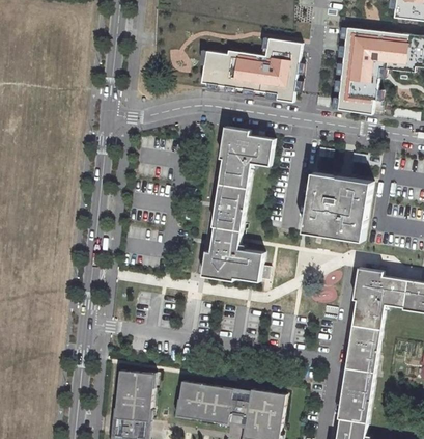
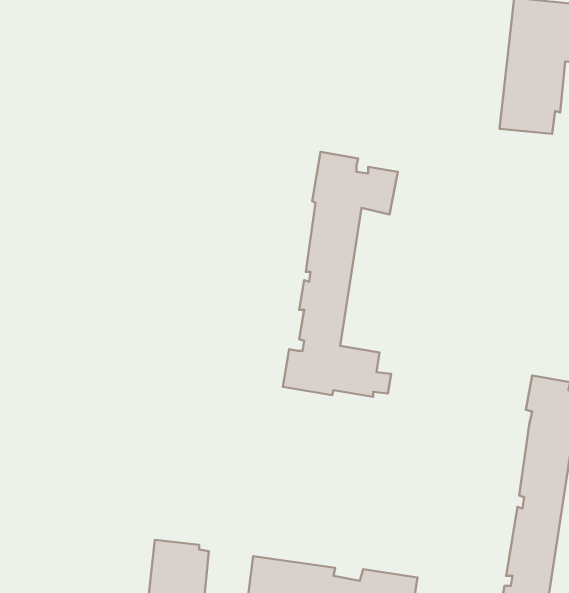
building: [201,38,301,103] -> none
building: [303,172,371,240] -> none

